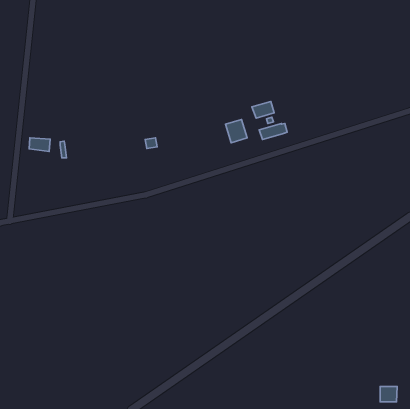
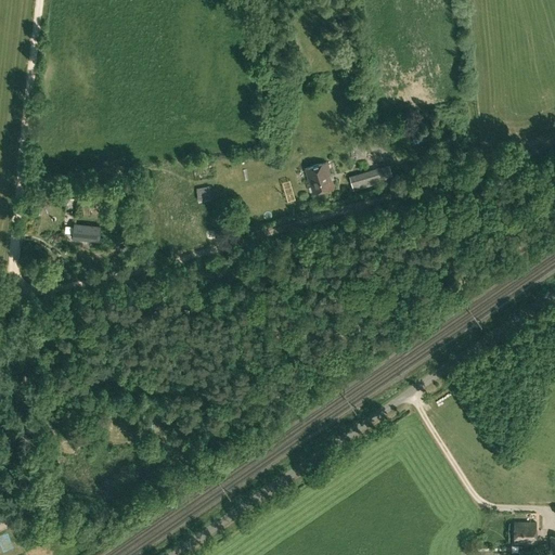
building: [252,101,274,118] -> none
building: [29,138,50,151] -> [73,224,101,243]

